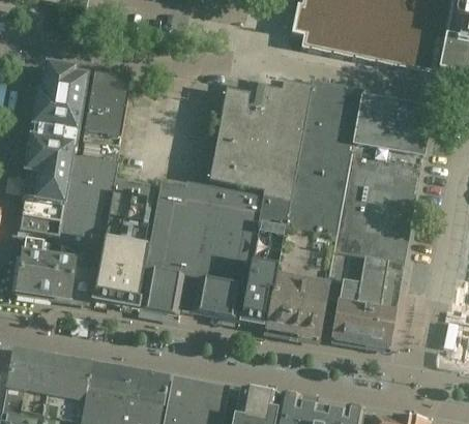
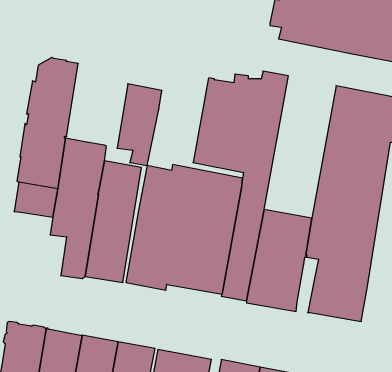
building: [83,73,130,160] -> [117,84,162,166]
building: [285,82,362,238] -> none
building: [16,237,75,299] -> none

